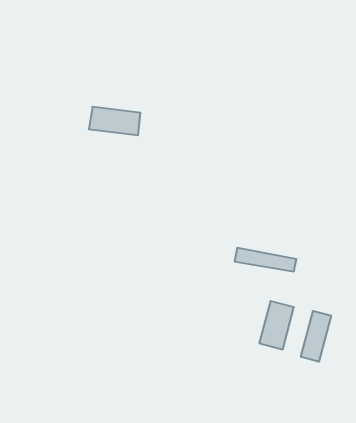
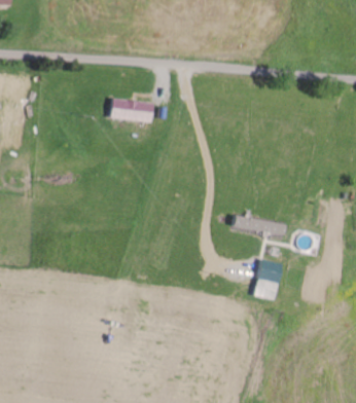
building: [301,311,331,362] -> none

